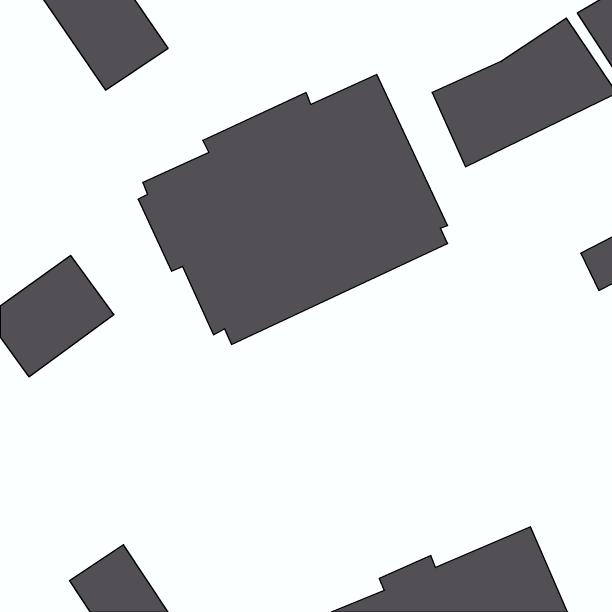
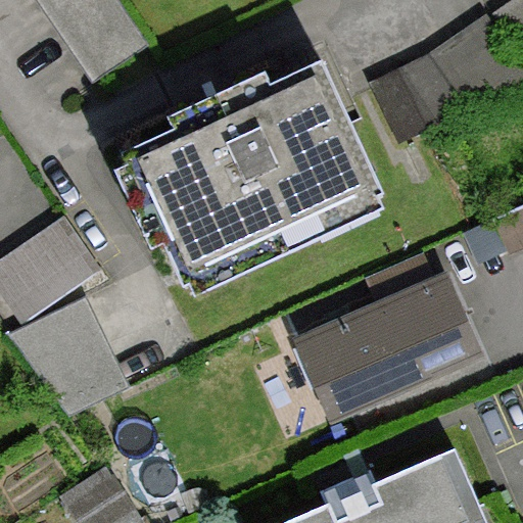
building: none -> [296,253,483,423]
building: none -> [7,296,129,413]

